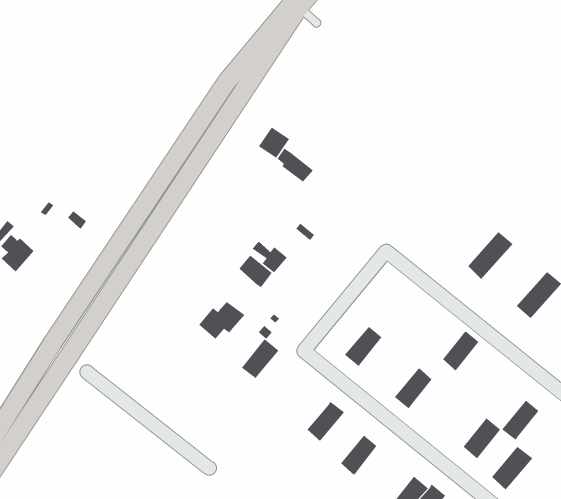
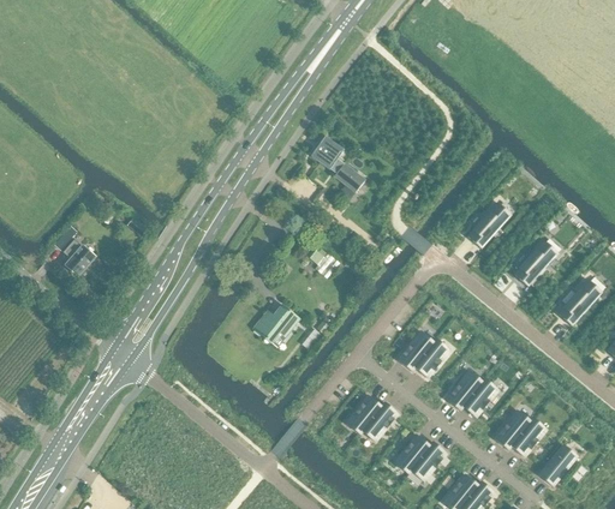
building: none -> [466,199,510,246]
building: [239,254,273,288] -> none
building: [442,330,479,372] -> [460,377,496,417]
building: none -> [411,336,448,376]
building: [241,338,280,379] -> [341,393,378,432]
building: [501,400,540,441] -> [491,409,529,449]
building: none -> [407,441,444,480]

